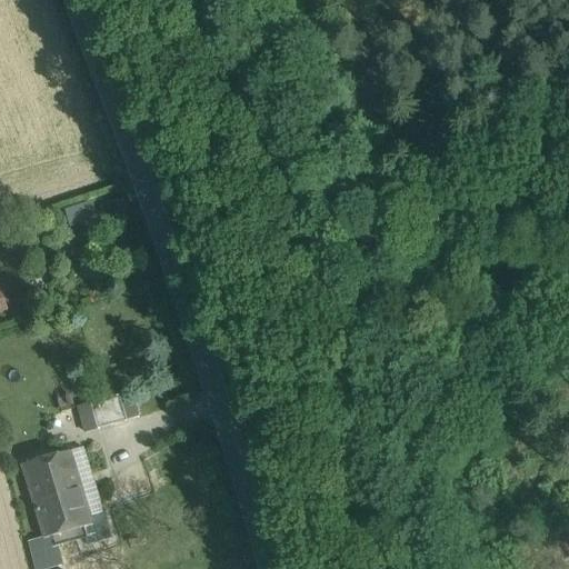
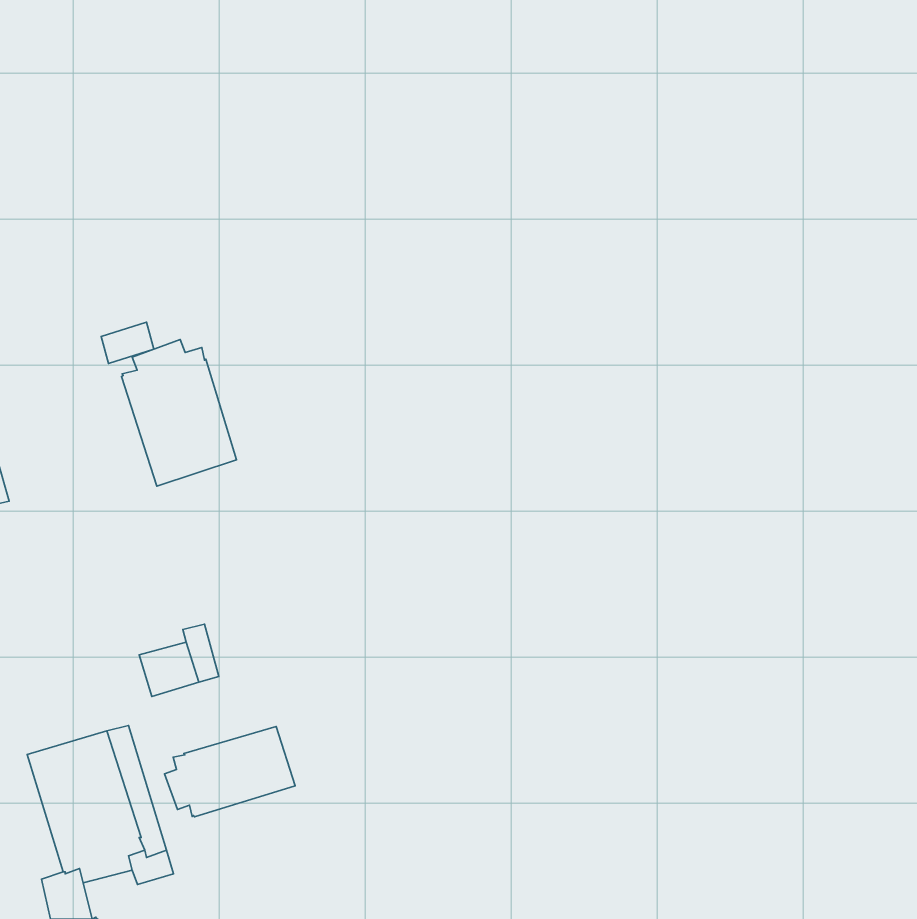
building: none -> [122,339,237,486]
building: none -> [165,726,295,817]

